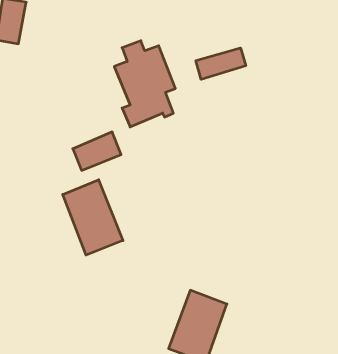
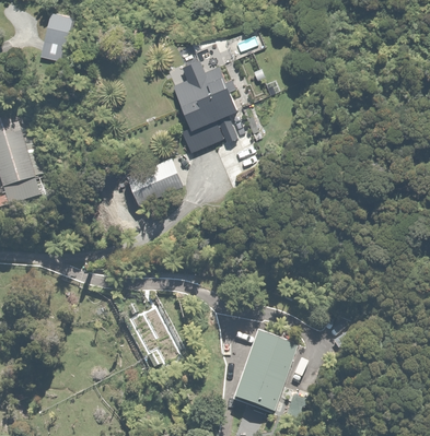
building: [196,48,246,79] -> none
building: [63,180,123,255] -> none

